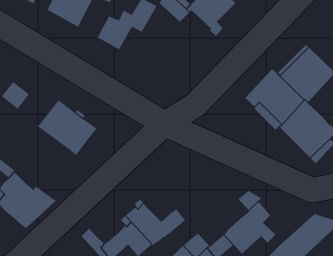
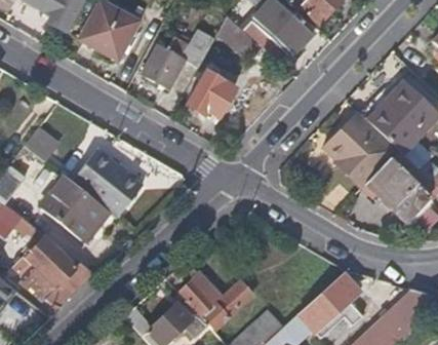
building: none -> [187,73,233,116]
building: none -> [42,178,110,242]

